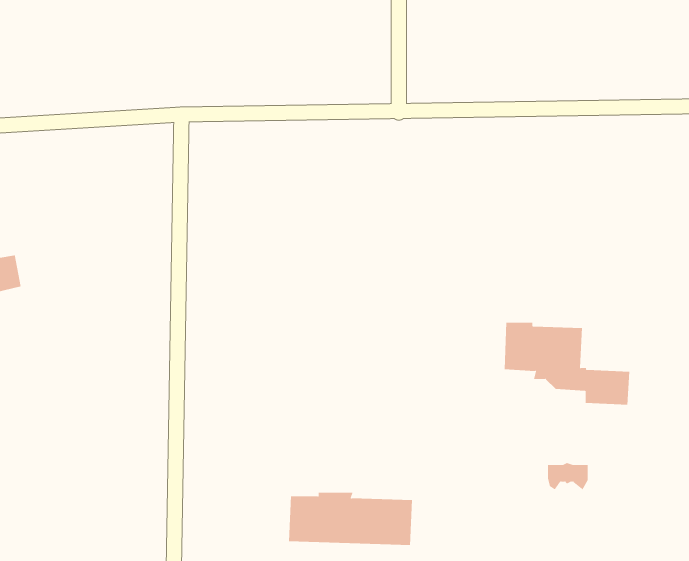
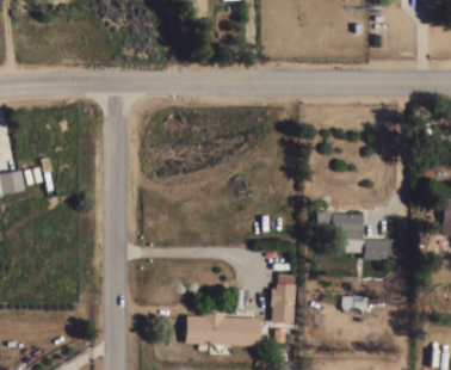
building: none -> [271,273,296,322]

